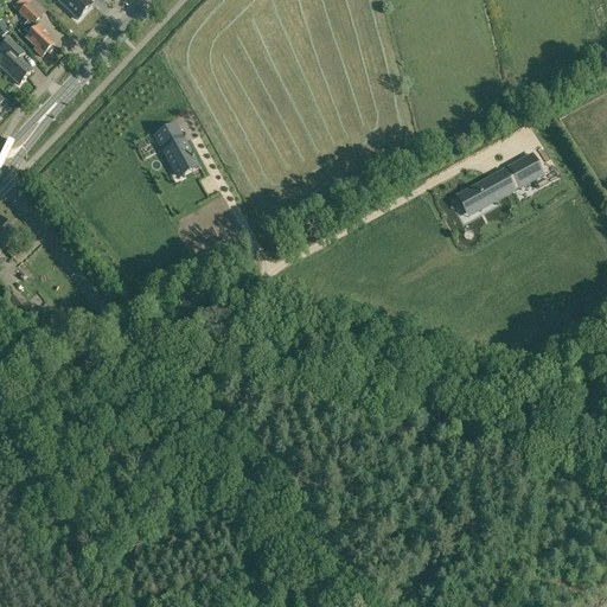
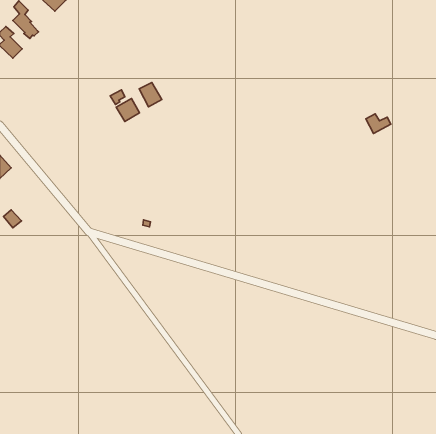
building: none -> [139,82,162,107]
building: [455,167,513,205] -> none

